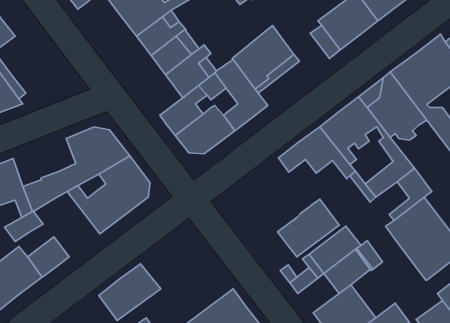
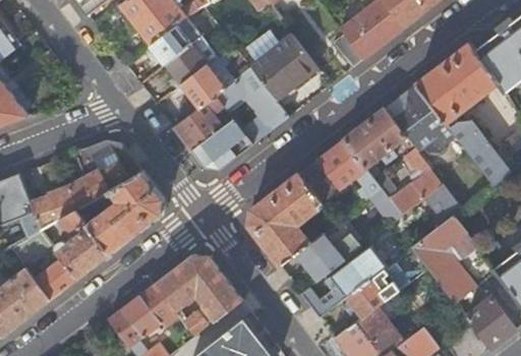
building: none -> [247,173,323,264]
building: none -> [54,209,110,278]
building: none -> [153,254,241,336]

